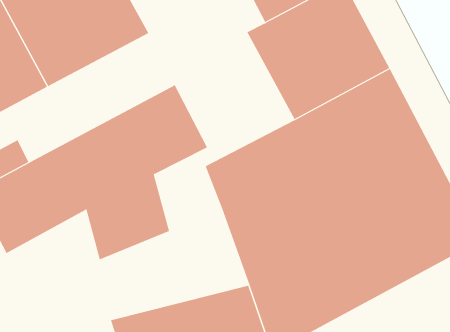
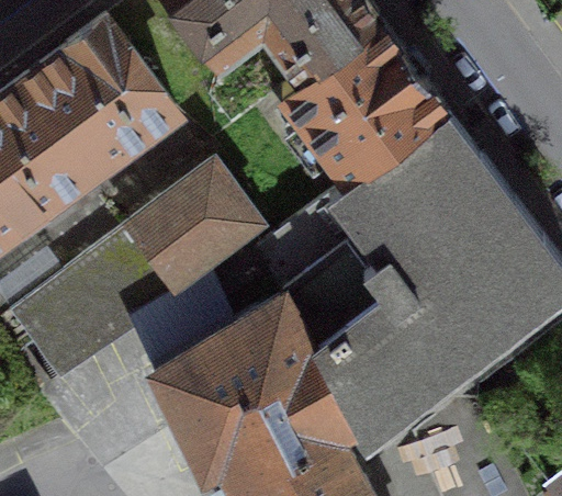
building: none -> [154,297,329,438]

